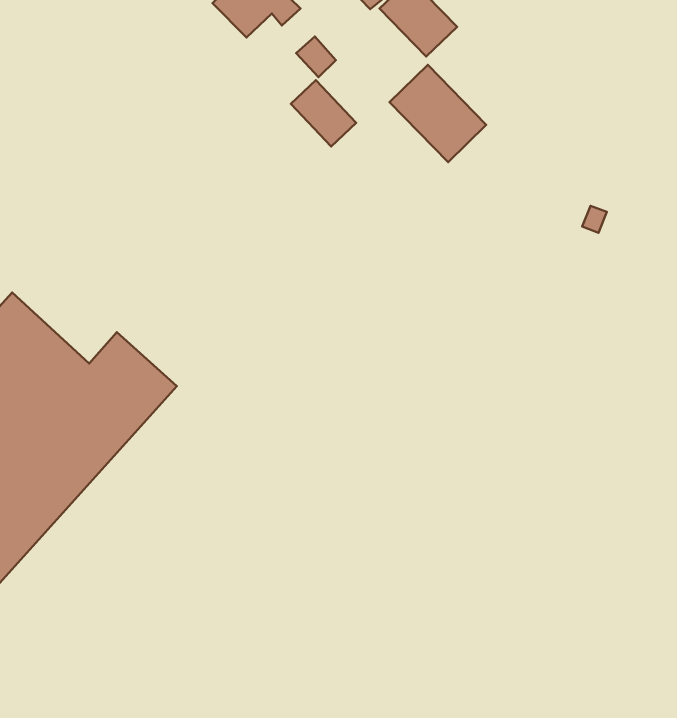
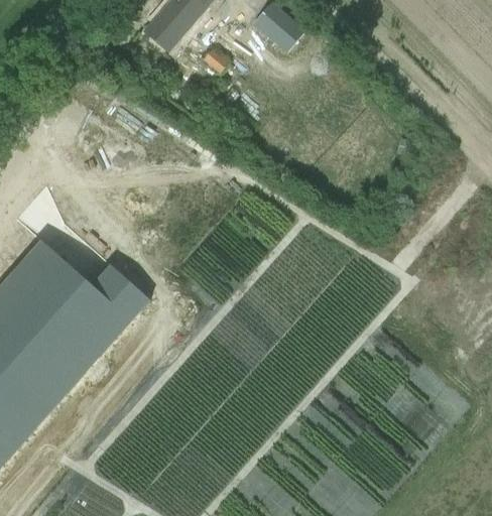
building: [390,65,486,162] -> none
building: [291,80,356,147] -> none

